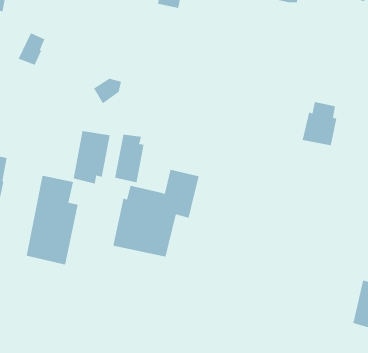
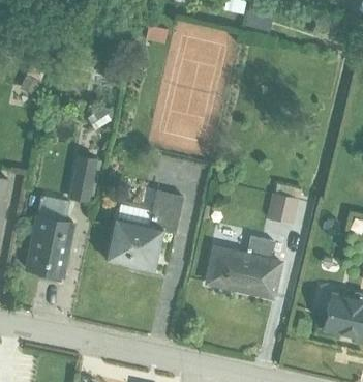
building: [302,102,337,146] -> [266,183,298,224]
building: [115,134,144,183] -> none
building: none -> [206,236,280,297]

